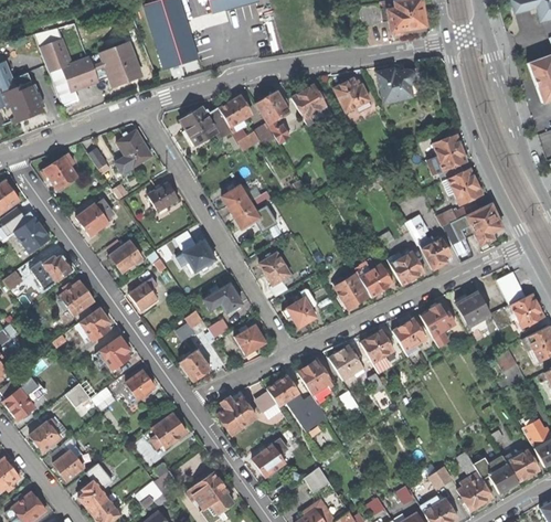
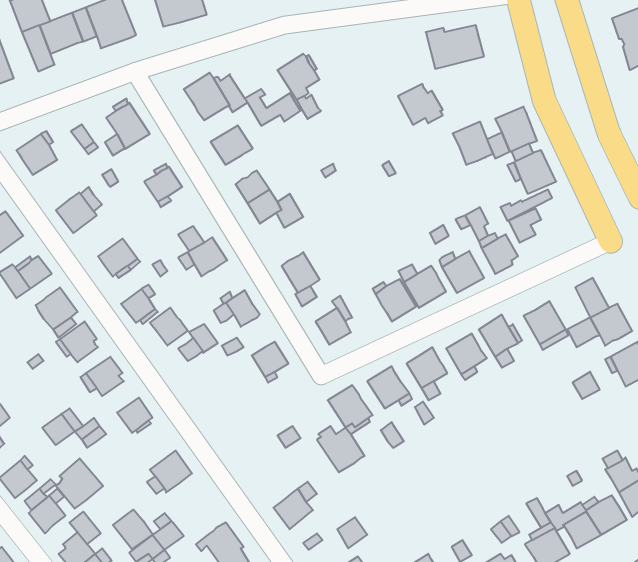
building: [333,78,370,111] -> [398,84,443,125]
building: [292,84,330,125] -> none
building: [218,95,252,127] -> [211,125,253,165]
building: none -> [453,122,493,165]
building: [466,204,502,244] -> none
building: [180,350,211,381] -> [150,308,188,346]
building: [267,375,299,408] -> none
building: [218,396,256,434] -> none
building: none -> [55,458,103,509]
building: none -> [113,510,153,549]

